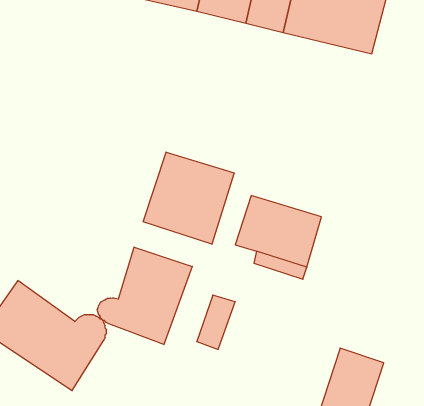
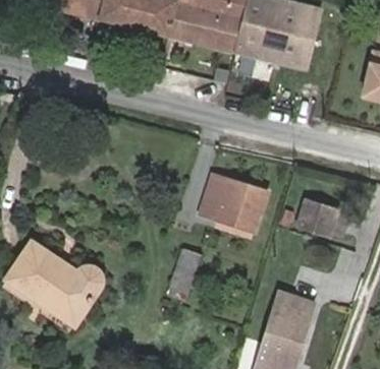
building: [143,152,234,244] -> none
building: none -> [298,200,336,235]
building: [97,247,192,345] -> none

